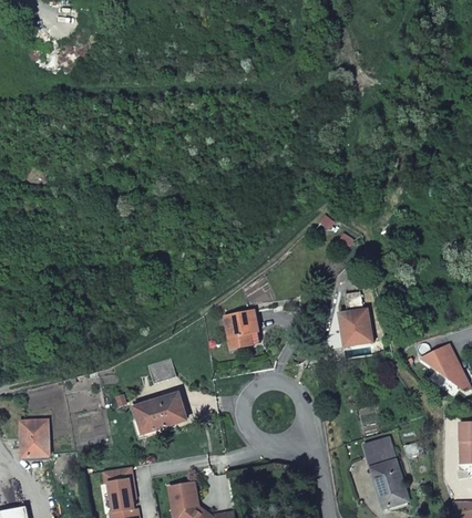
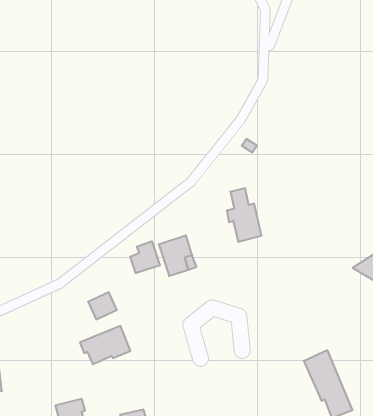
building: [338,292,371,346] -> [227,188,262,242]
building: none -> [130,241,160,273]

